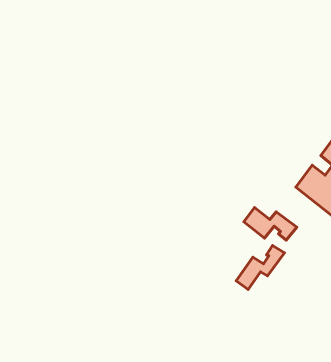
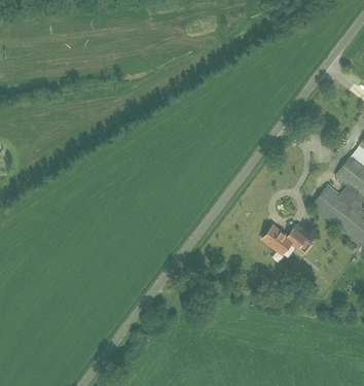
building: [236,246,284,289] -> none

